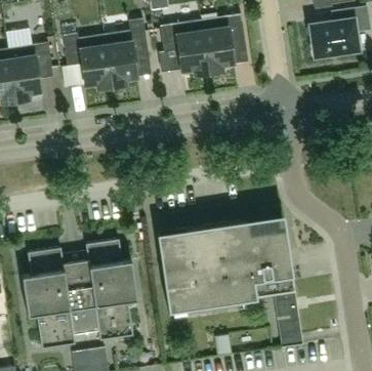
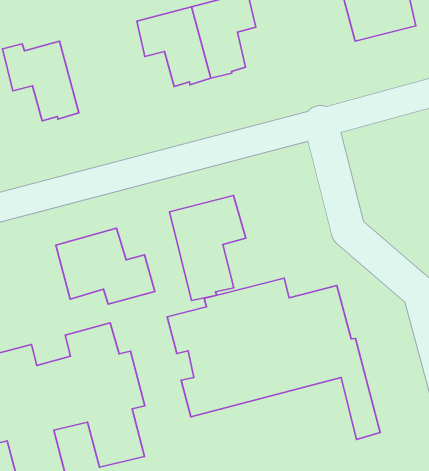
building: [105,20,149,88] -> none
building: none -> [169,196,246,300]
building: none -> [56,228,155,304]

